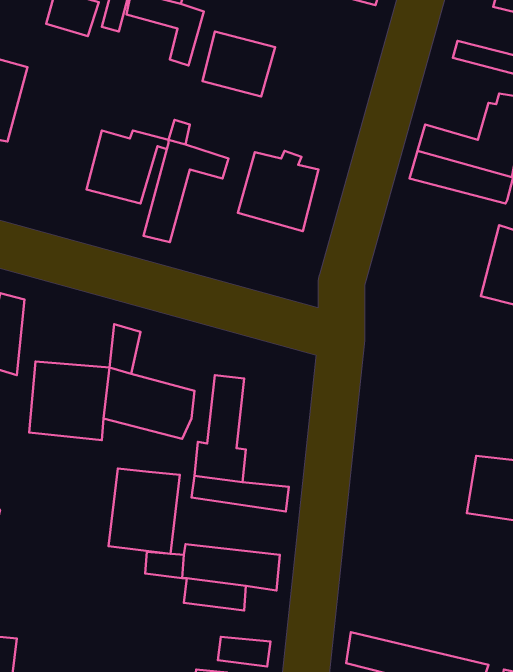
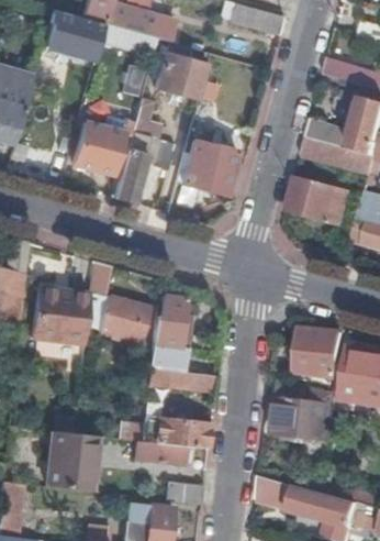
building: none -> [289,178,350,224]
building: none -> [293,325,345,378]
building: [109,469,180,554] -> [46,431,97,492]
building: none -> [276,378,337,441]

